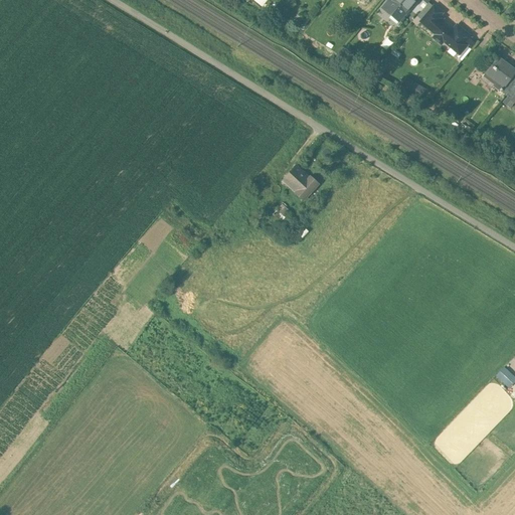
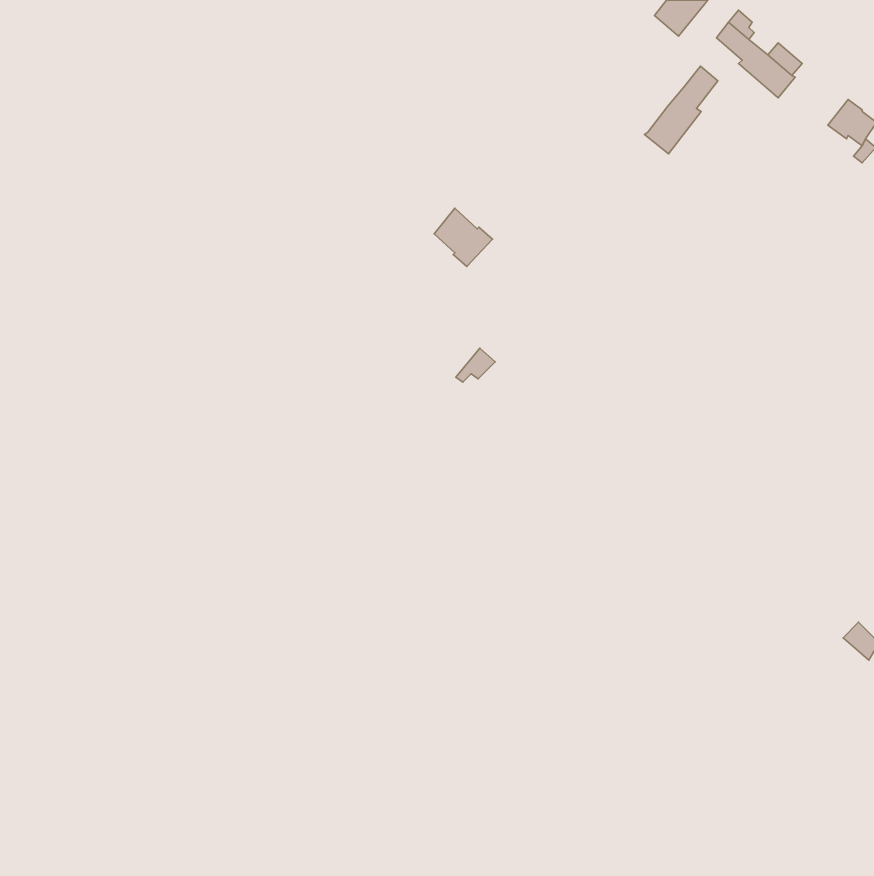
building: none -> [645,66,718,154]
building: [285,166,319,200] -> [434,208,493,266]

